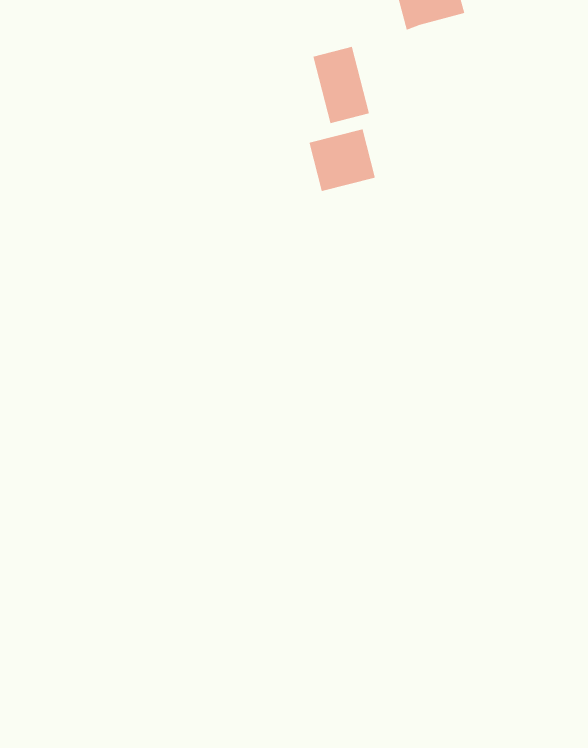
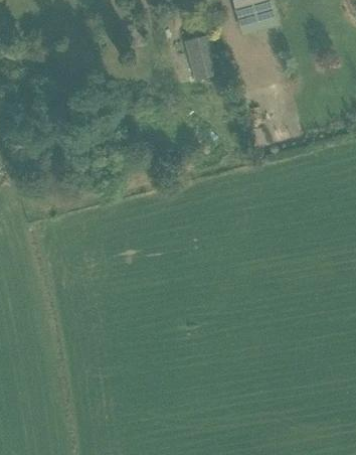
building: [309,128,375,192] -> none

